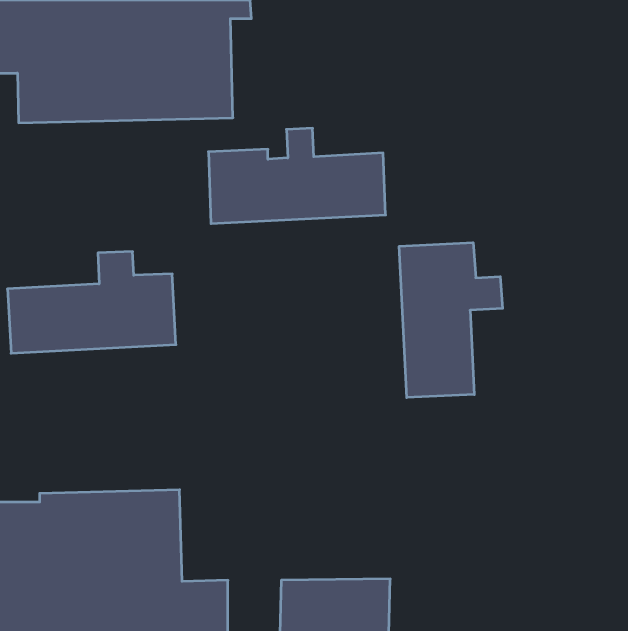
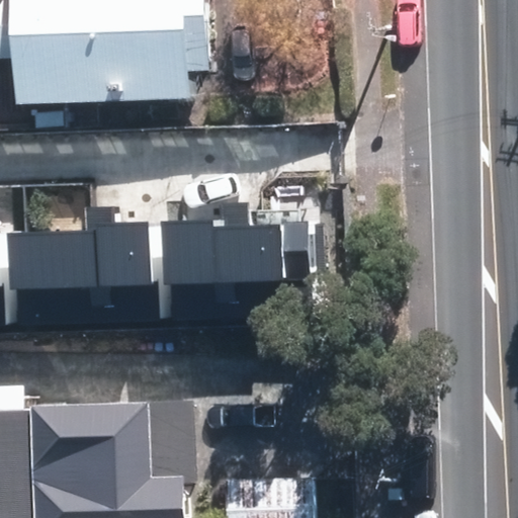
building: [208,128,386,224] -> [159,205,304,283]
building: [399,243,503,398] -> none

